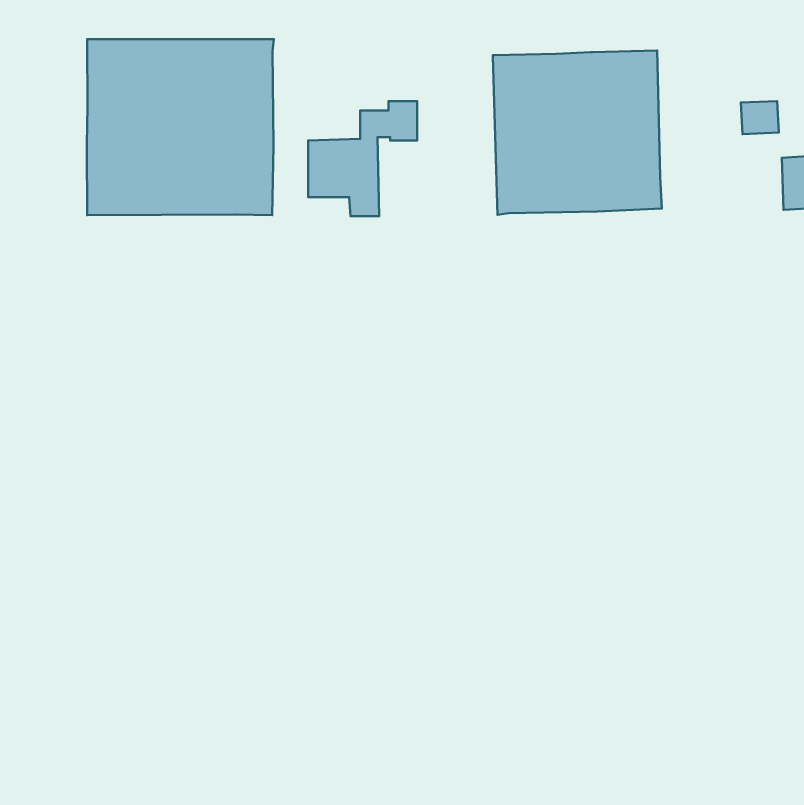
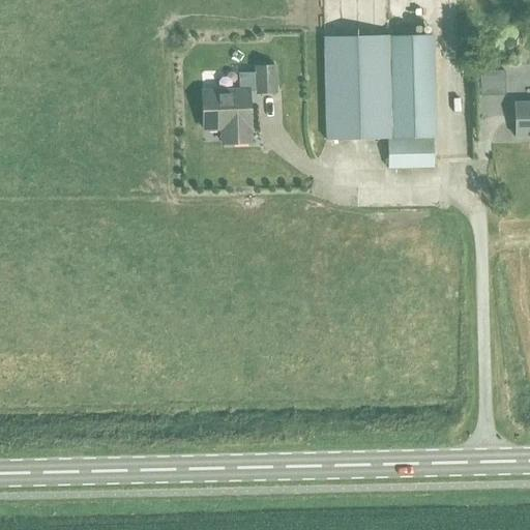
building: [87,39,274,215] -> none
building: none -> [389,142,436,168]

